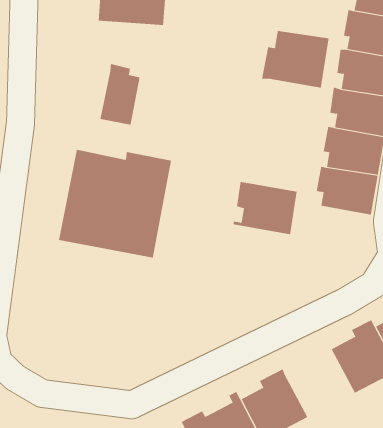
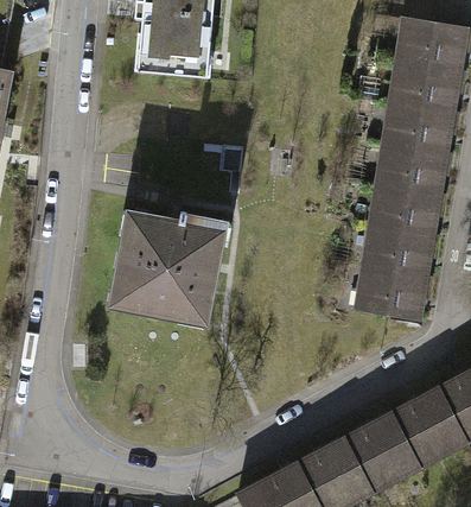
building: [262,30,329,89] -> none
building: [100,63,140,125] -> none
building: [233,181,298,235] -> [358,267,426,323]
building: none -> [336,412,408,489]

